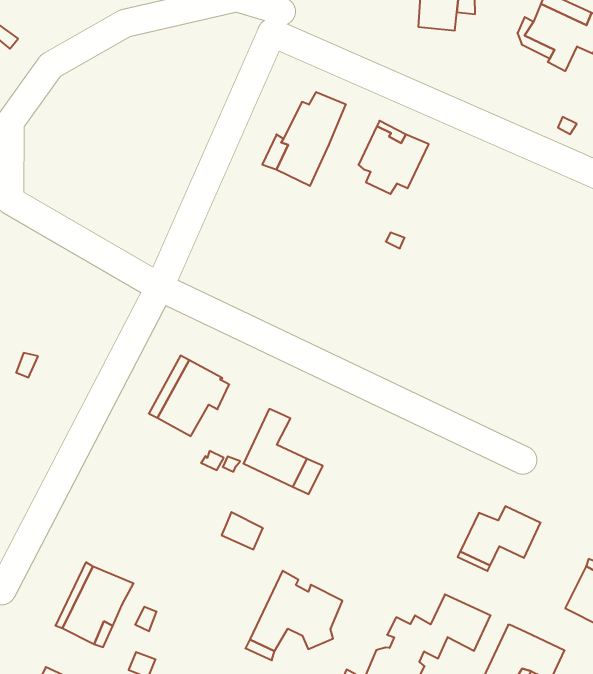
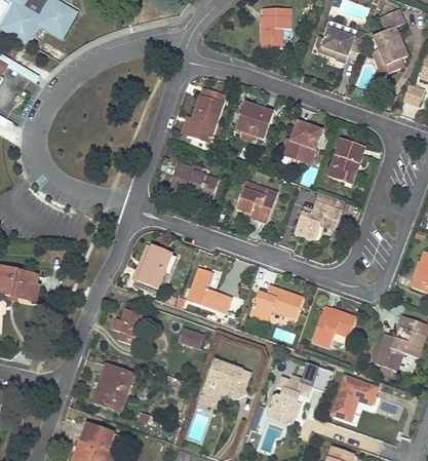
building: none -> [281,121,321,162]
building: none -> [327,138,364,181]
building: none -> [167,162,218,200]
building: none -> [236,180,277,223]
building: none -> [295,191,343,239]
building: none -> [249,286,303,321]
building: none -> [113,308,143,344]

